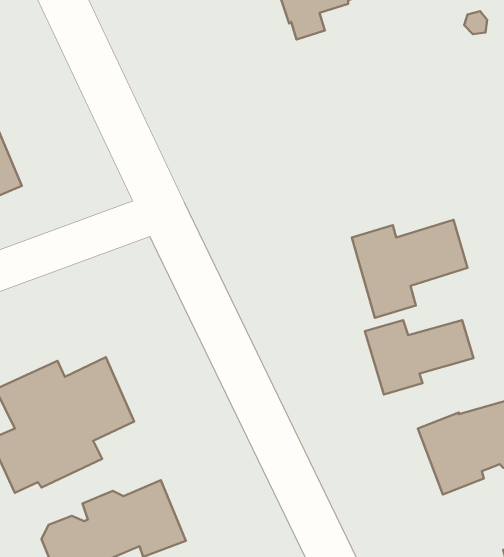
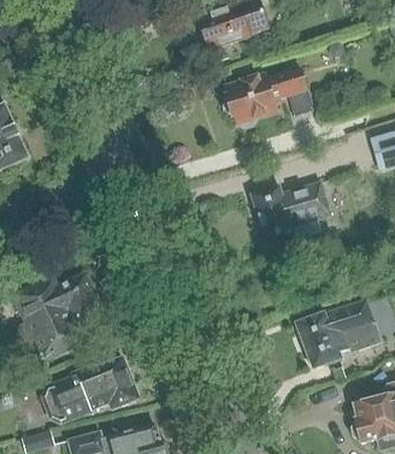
building: none -> [224,67,313,128]
building: [365,320,473,394] -> none

